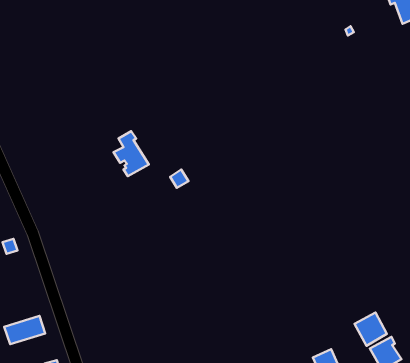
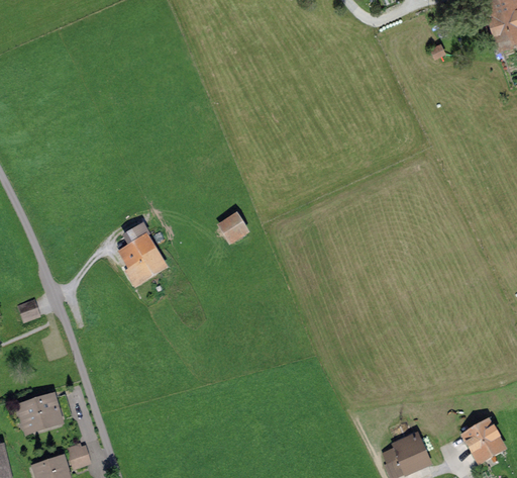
building: [113,131,149,176] -> [119,224,162,279]
building: [354,312,387,346] -> none

